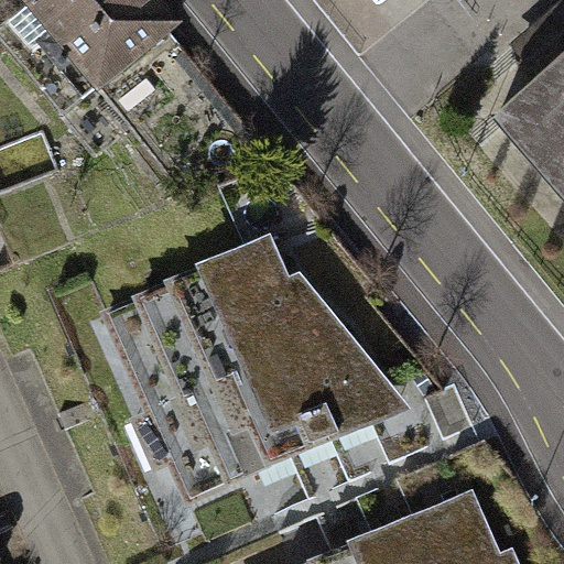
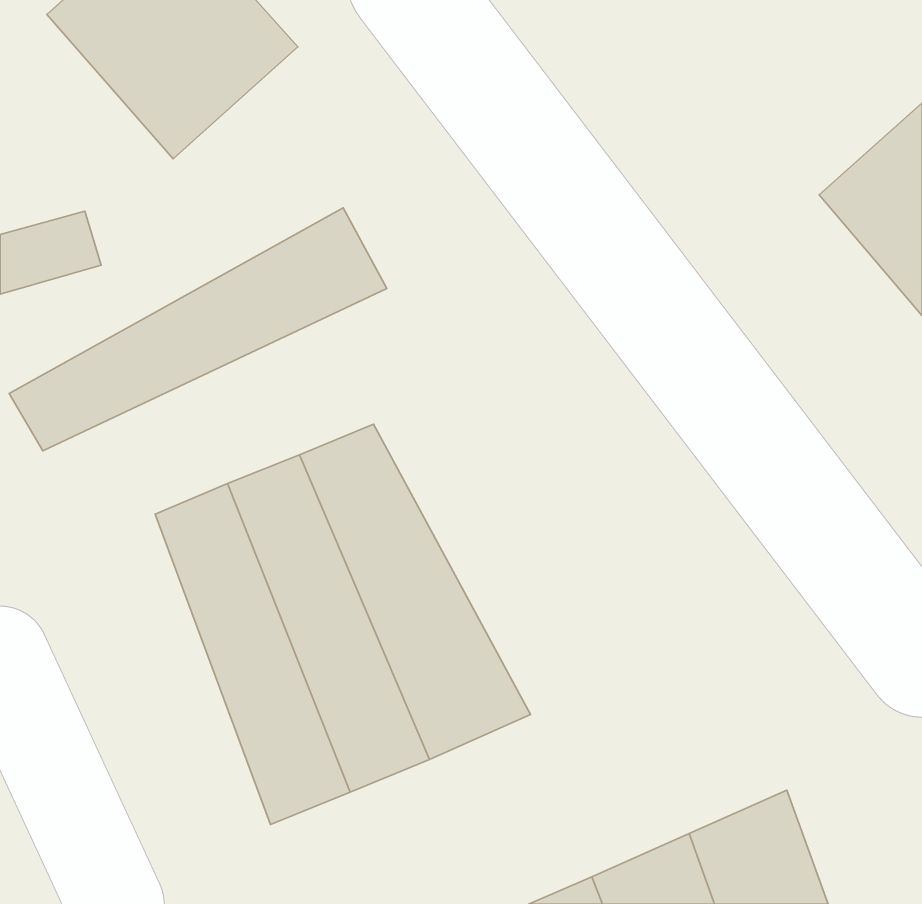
building: none -> [9,208,387,451]
building: [228,240,404,436] -> none

